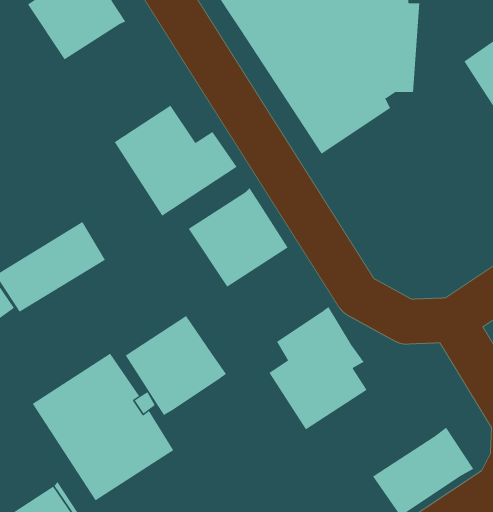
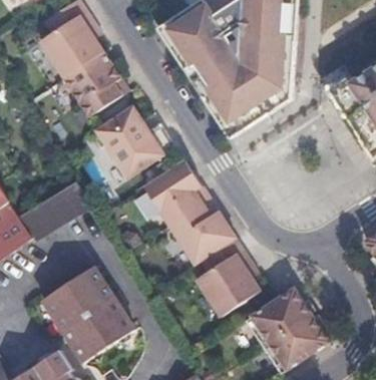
building: none -> [62,51,127,115]
building: [125,315,227,416] -> [167,198,234,263]
building: none -> [244,287,310,346]

